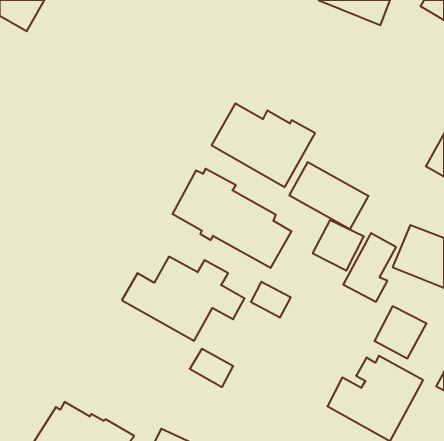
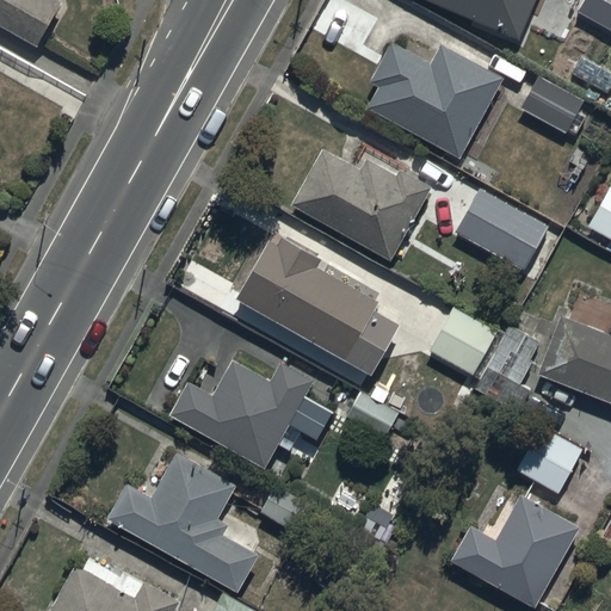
building: none -> [366,41,502,160]
building: none -> [520,75,585,135]
building: [289,162,369,229] -> [455,189,563,280]
building: none -> [107,450,260,591]

